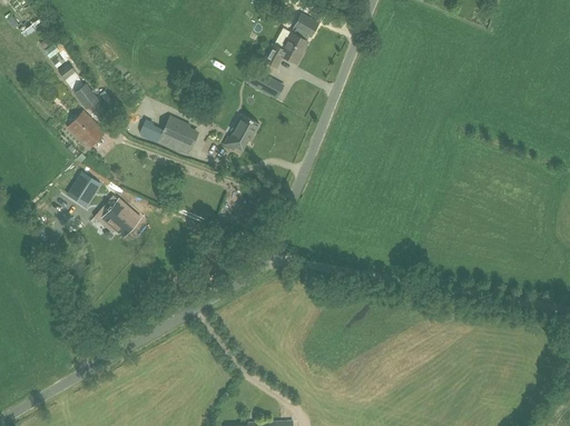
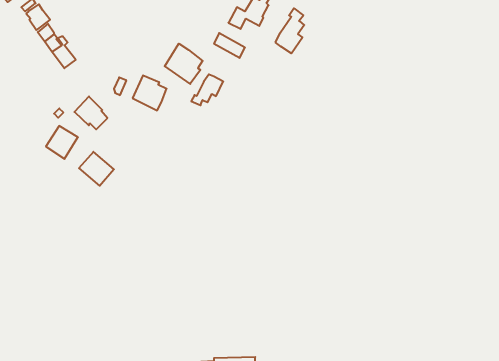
building: none -> [276,8,304,53]
building: none -> [165,44,203,84]
building: [67,110,102,146] -> [74,96,107,129]

